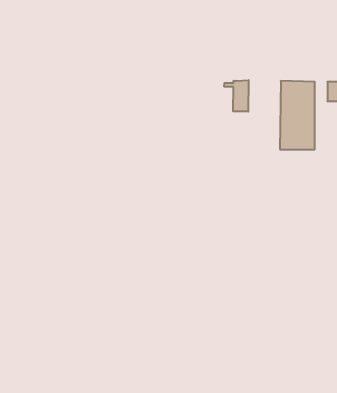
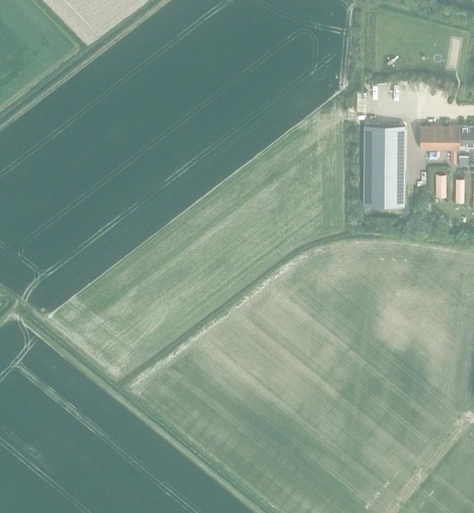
building: [224,80,249,112] -> none

